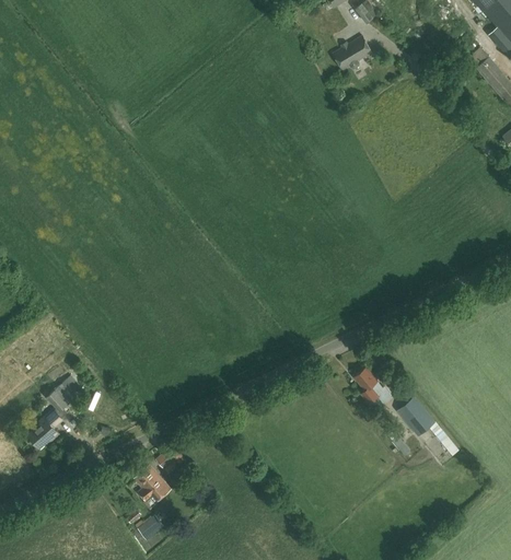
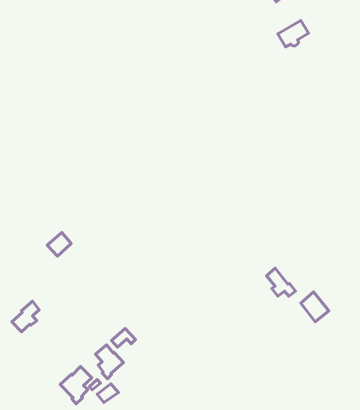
building: [333,35,372,69] -> [278,20,309,47]
building: [49,377,80,408] -> [47,232,71,256]
building: none -> [60,366,92,404]

